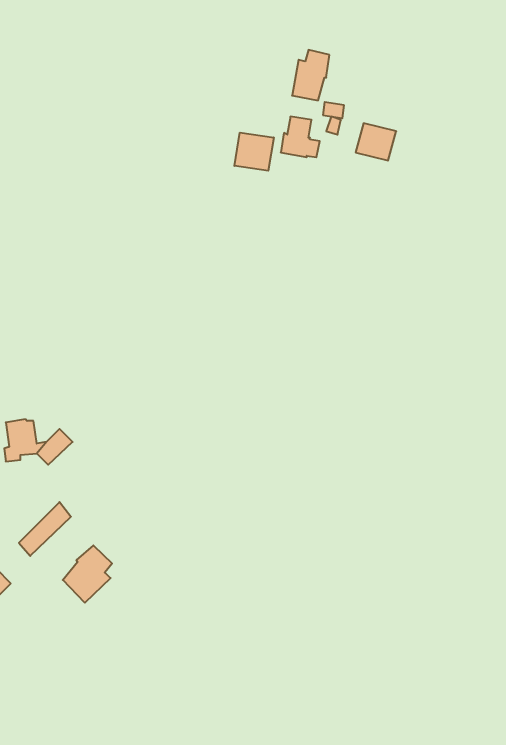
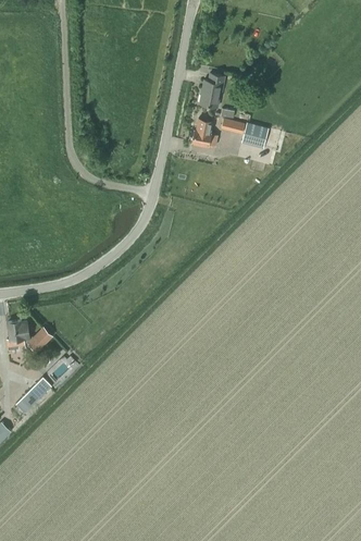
building: [234,133,274,171] -> none
building: [63,545,112,603] -> none

